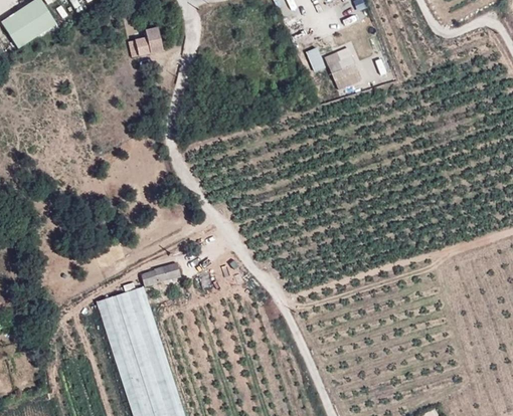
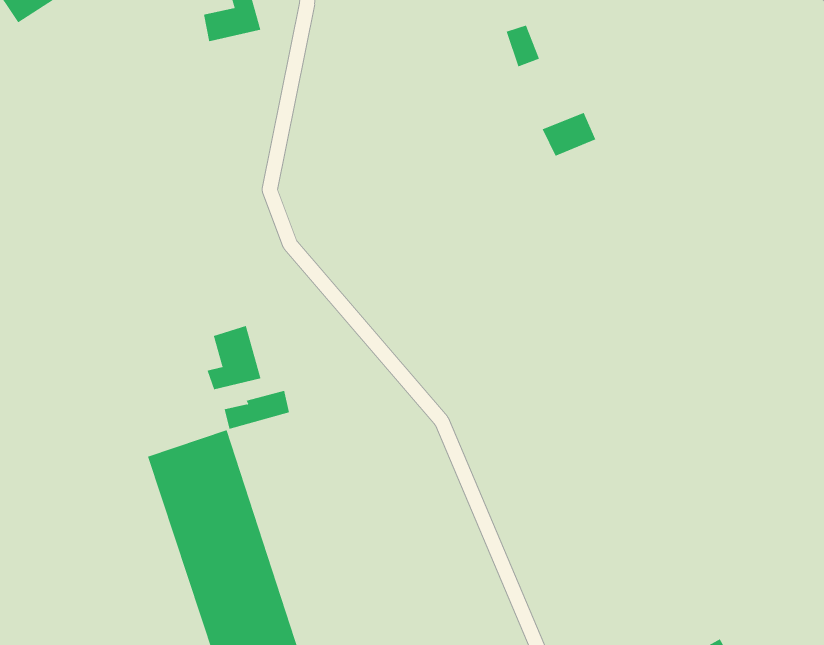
building: [327,56,359,82] -> [542,112,596,156]
building: none -> [207,325,261,390]

